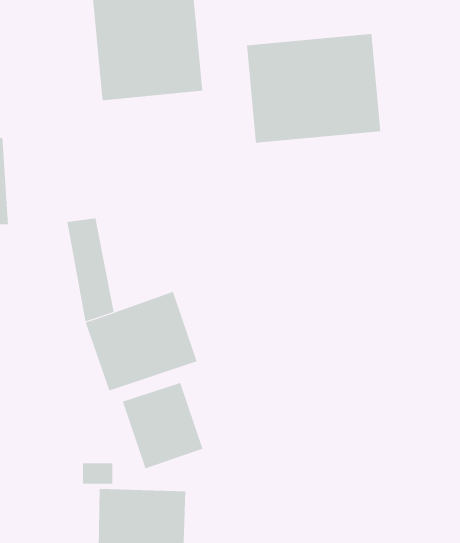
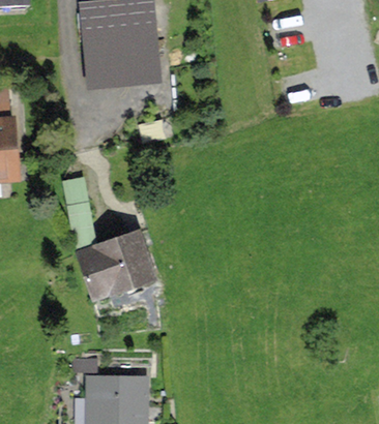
building: [246,33,381,144] -> none
building: [122,382,203,469] -> none

